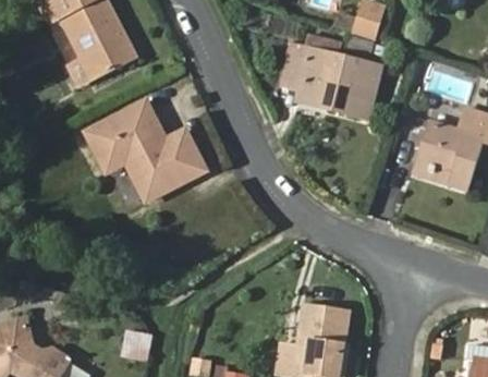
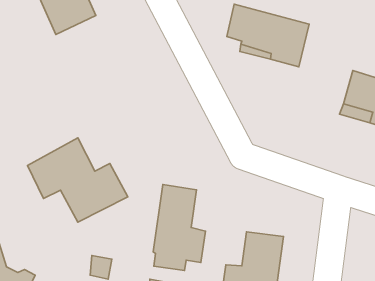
building: [88,101,204,198] -> [27,138,128,222]
building: none -> [153,185,205,270]

